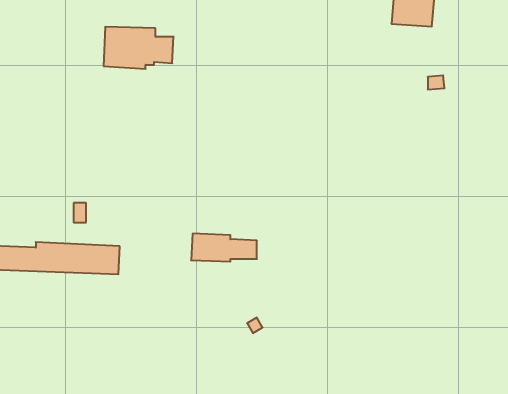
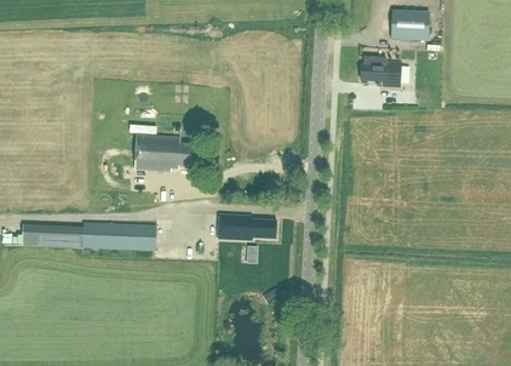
building: [104,27,174,69] -> [134,136,195,172]
building: none -> [360,57,401,87]

